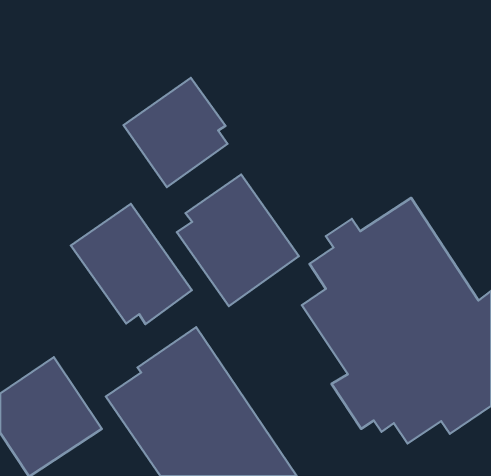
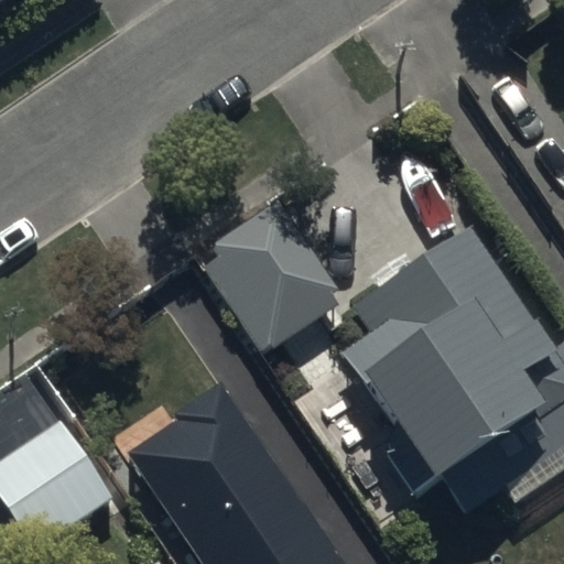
building: [123,78,228,187] -> none
building: [71,204,192,324] -> none

